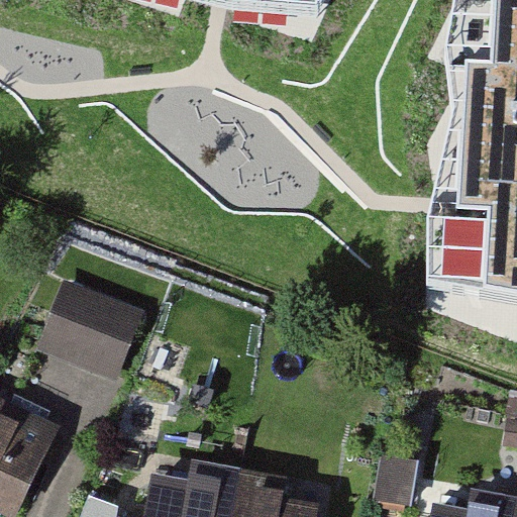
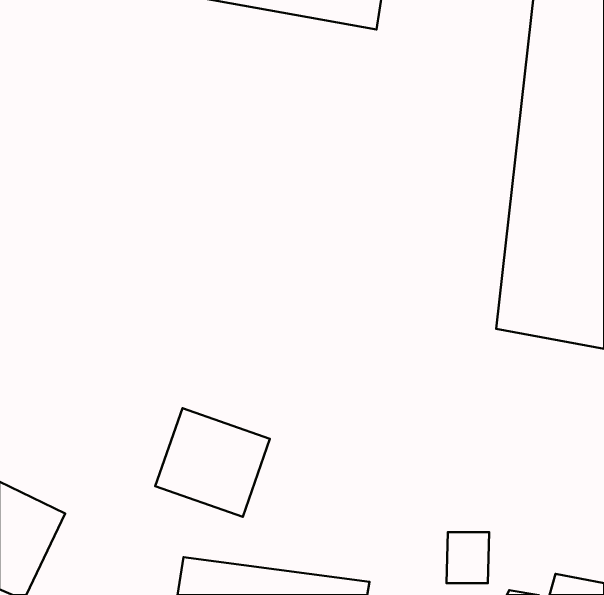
building: [41,279,139,372] -> [155,408,270,517]

